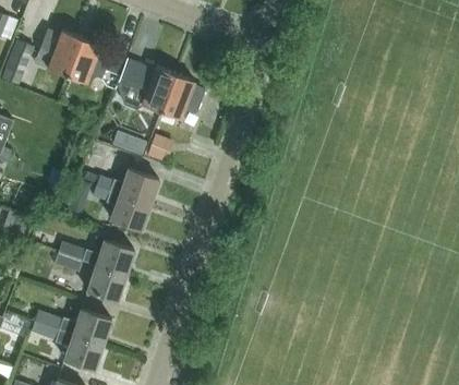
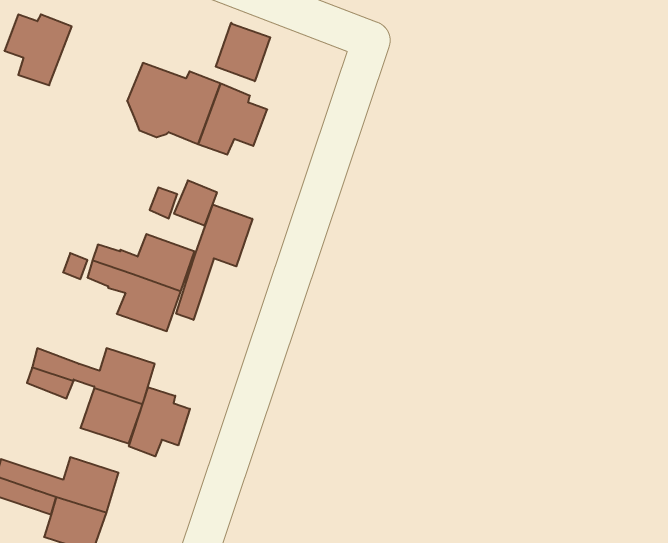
building: none -> [216,23,270,81]
building: [68,37,111,82] -> none
building: none -> [176,205,252,320]
building: none -> [129,387,190,456]

